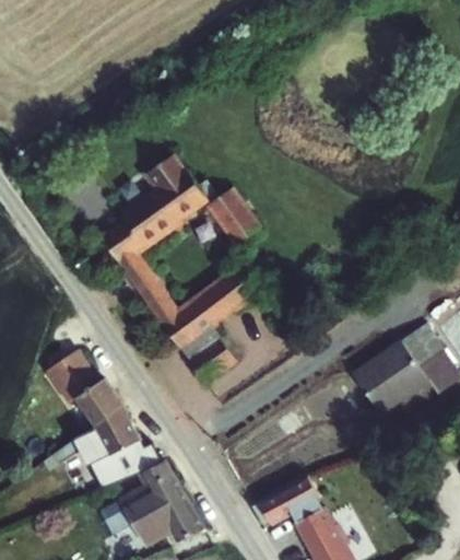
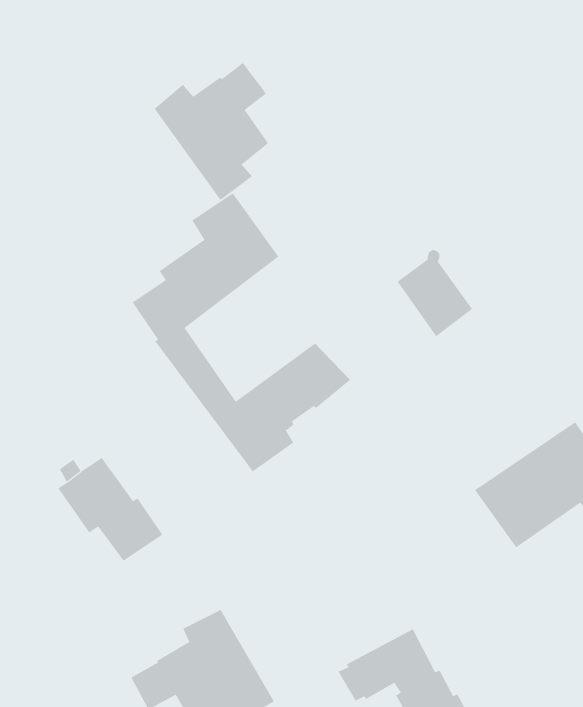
building: none -> [154,62,269,201]
building: [207,183,262,247] -> [397,249,473,337]
building: [51,406,162,490] -> none

